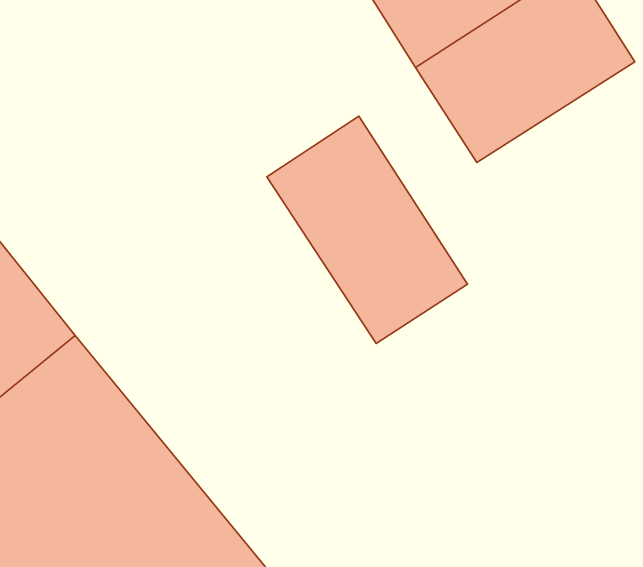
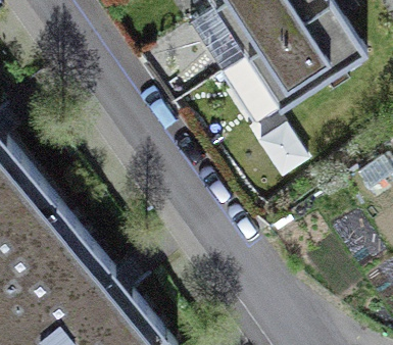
building: [267,116,467,343] -> none

